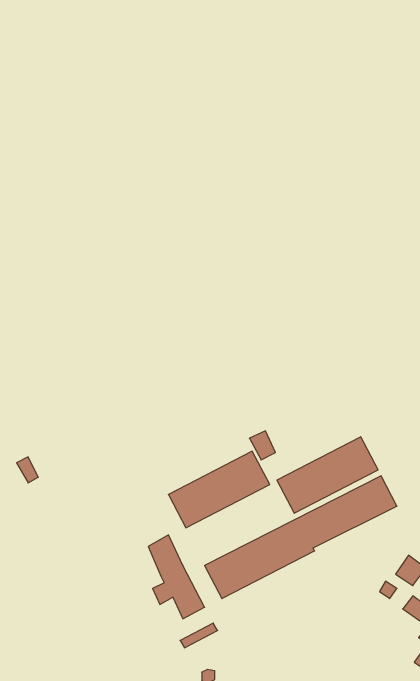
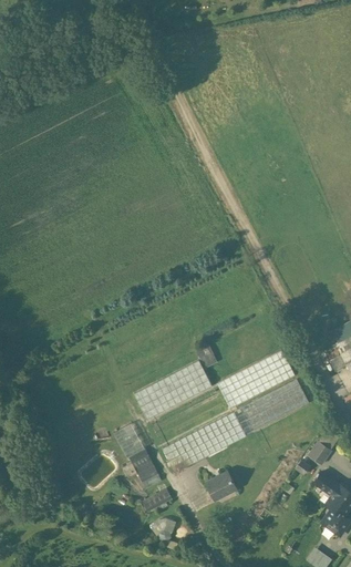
building: none -> [205,471,237,501]

